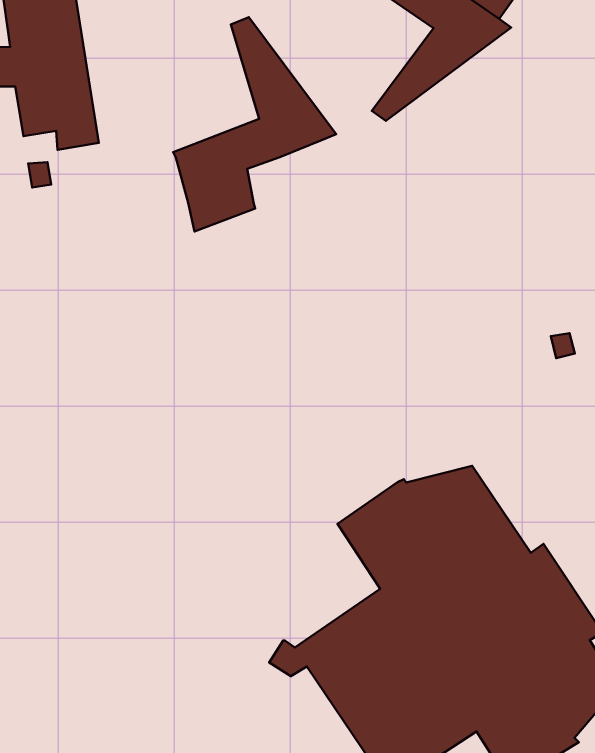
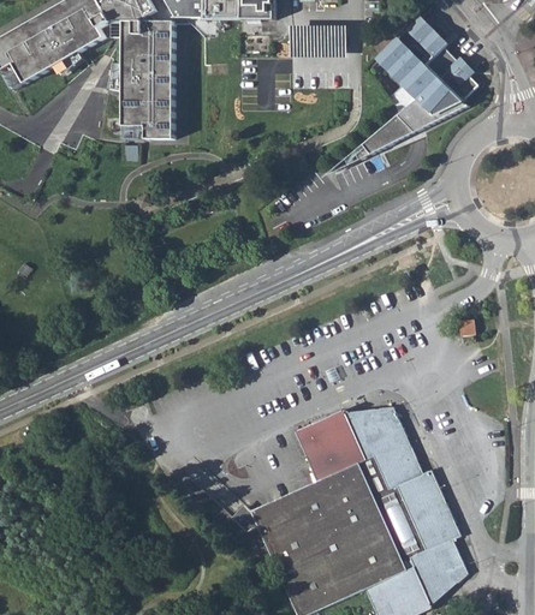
building: [173,17,336,232] -> none

